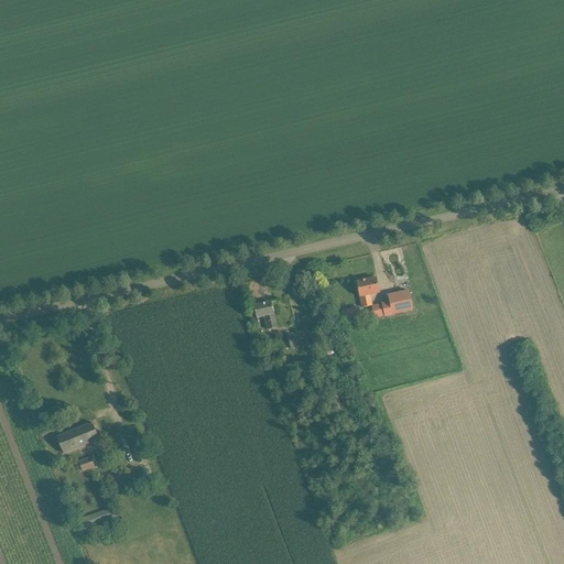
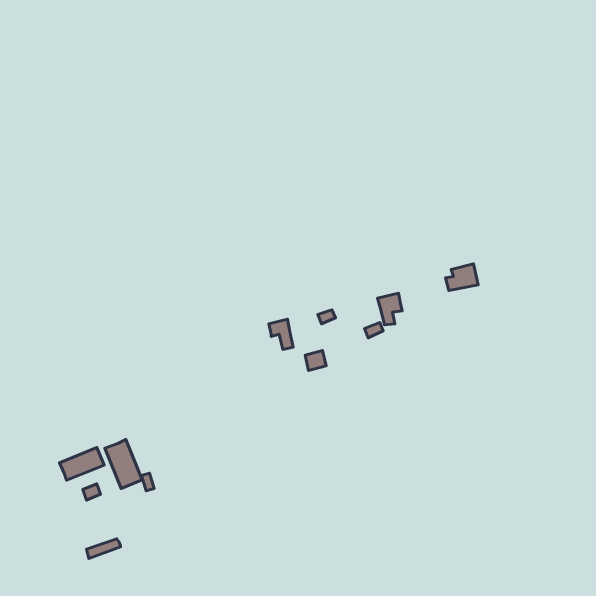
building: [381,290,412,315] -> [445,264,478,291]
building: none -> [105,440,142,489]

